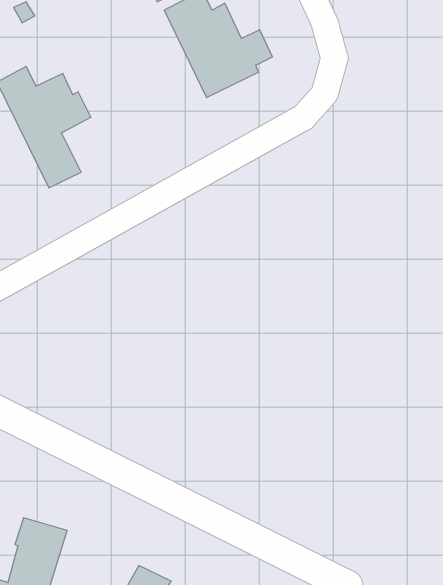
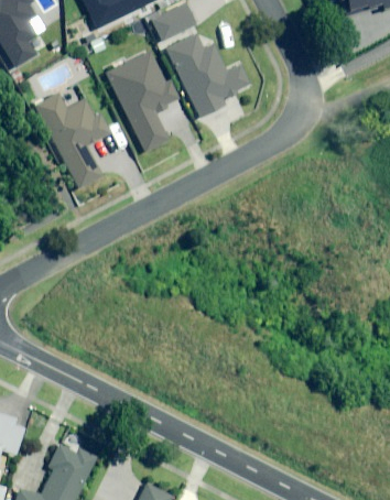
building: none -> [105,50,177,151]

